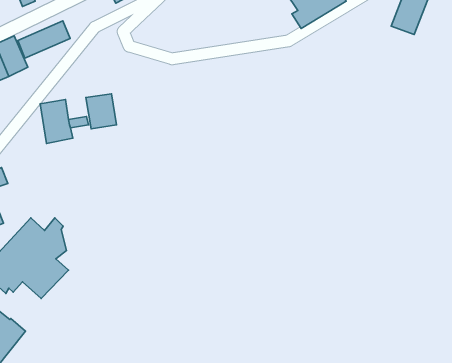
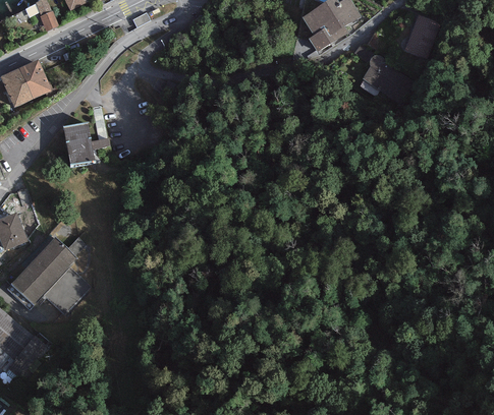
building: [18,21,70,58] -> none
building: none -> [363,54,410,101]
building: [86,94,117,129] -> none

